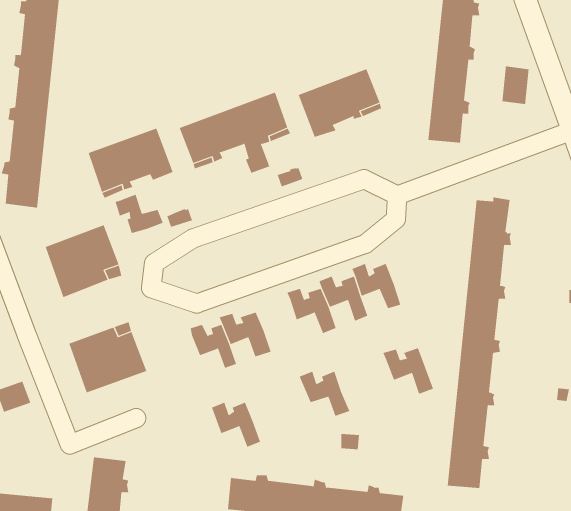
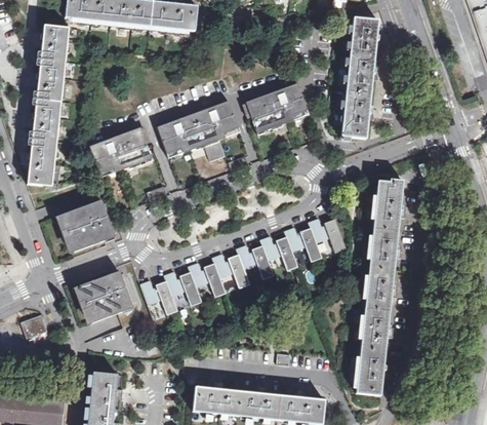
building: [502,66,529,105] -> none
building: [115,194,164,234] -> none
building: [383,347,434,394] -> [309,219,347,254]
building: [299,371,350,417] -> [212,255,250,288]
building: [211,402,261,448] -> [140,281,177,315]

